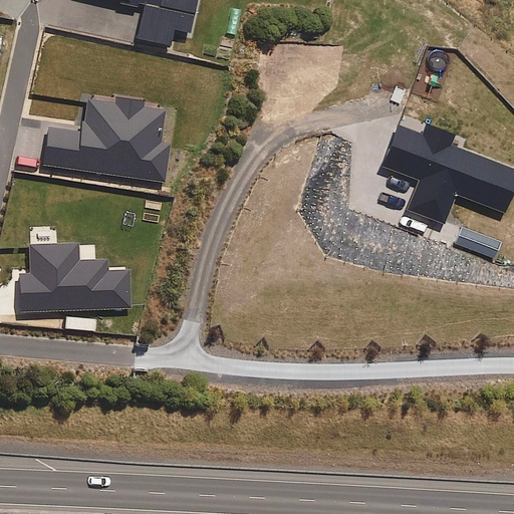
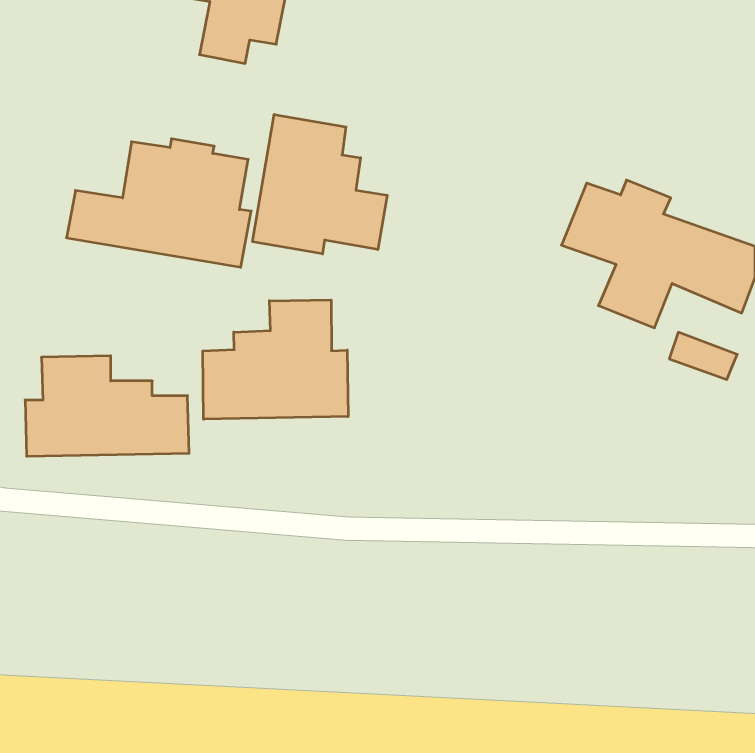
building: none -> [253,114,387,254]
building: none -> [203,300,348,419]

